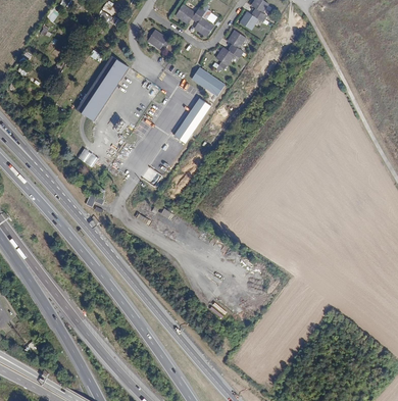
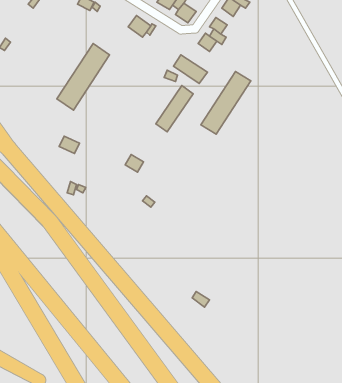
building: none -> [201,71,251,134]

